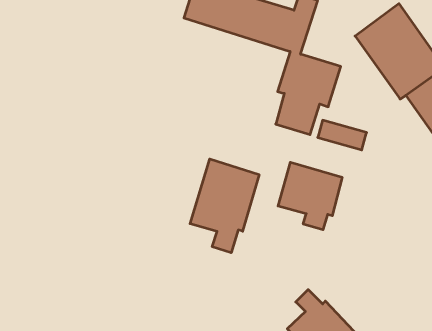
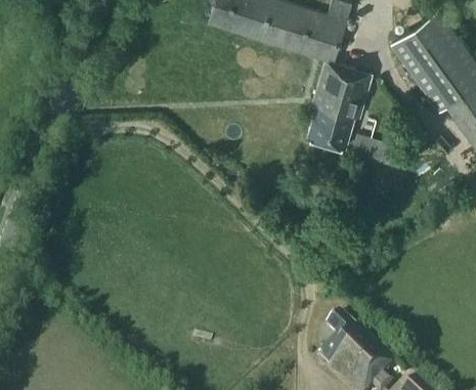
building: [190,159,259,253] -> none
building: [278,162,342,230] -> none

